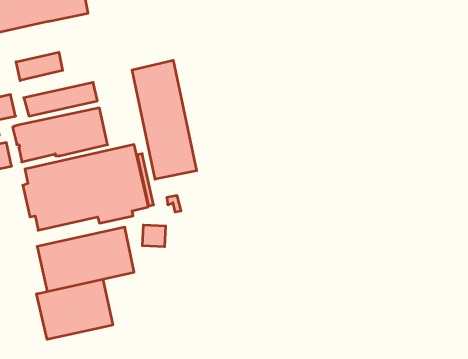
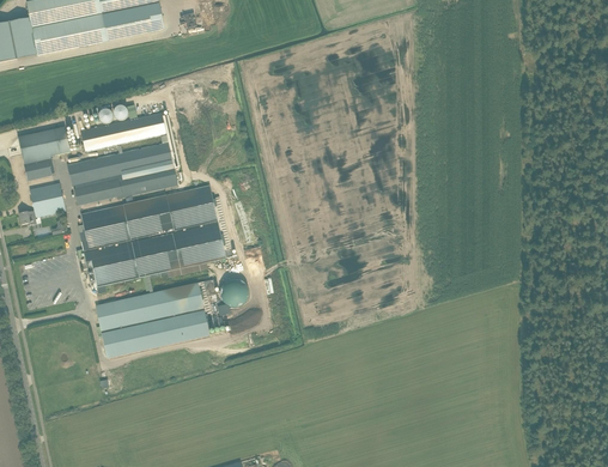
building: [16,52,63,81] -> none
building: [132,60,197,179] -> none
building: [37,279,113,339] -> none

